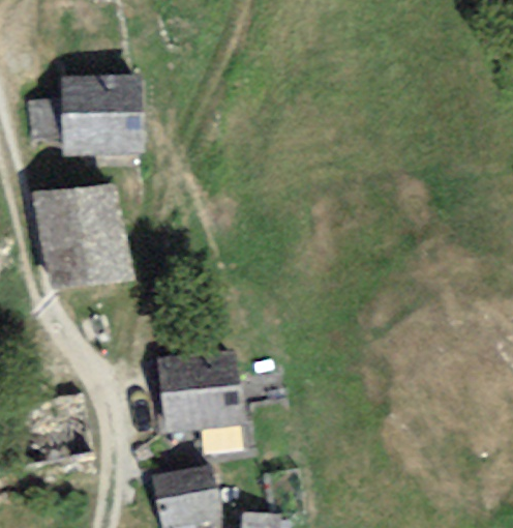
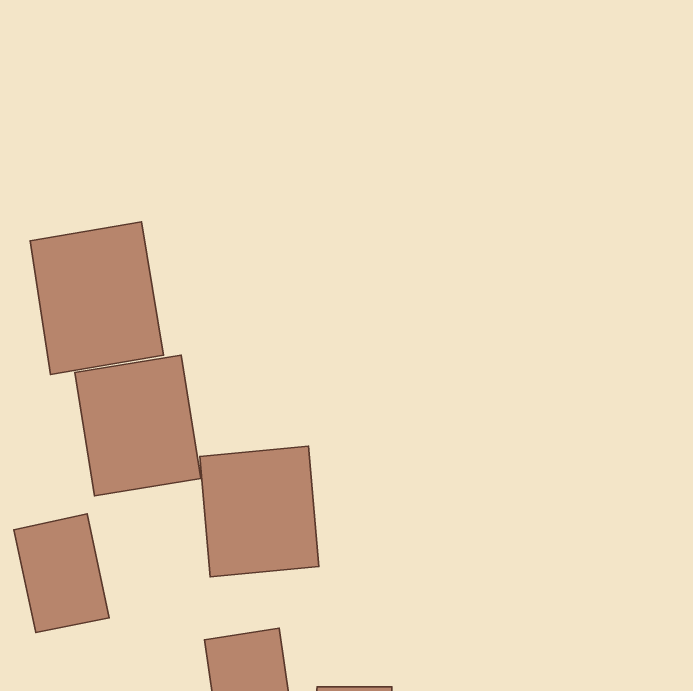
building: [60,76,142,156] -> none
building: none -> [75,355,201,496]

